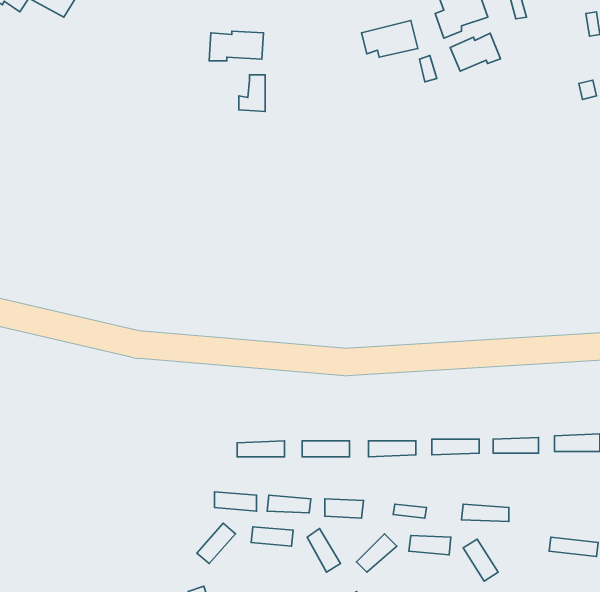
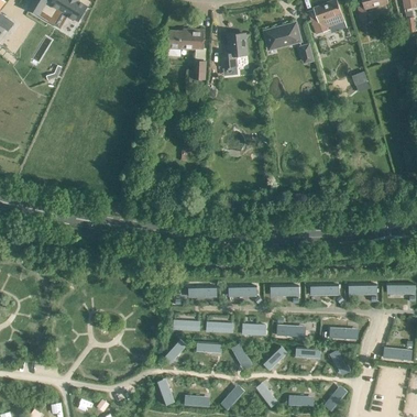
building: [450,33,501,71] -> none
building: none -> [221,33,248,68]

